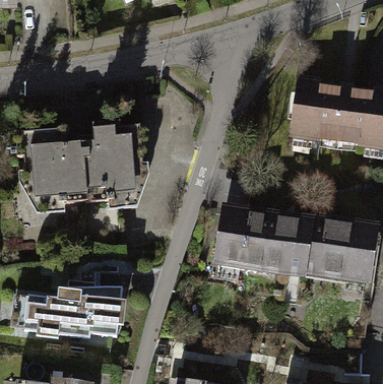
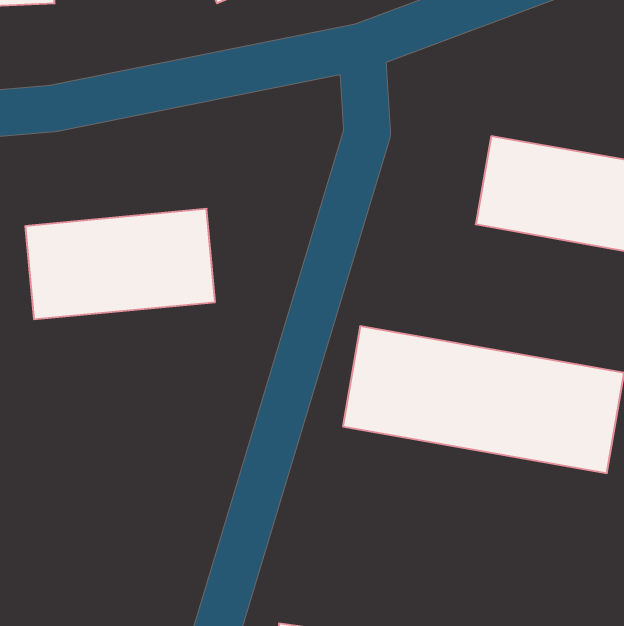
building: [20,289,120,336] -> none

